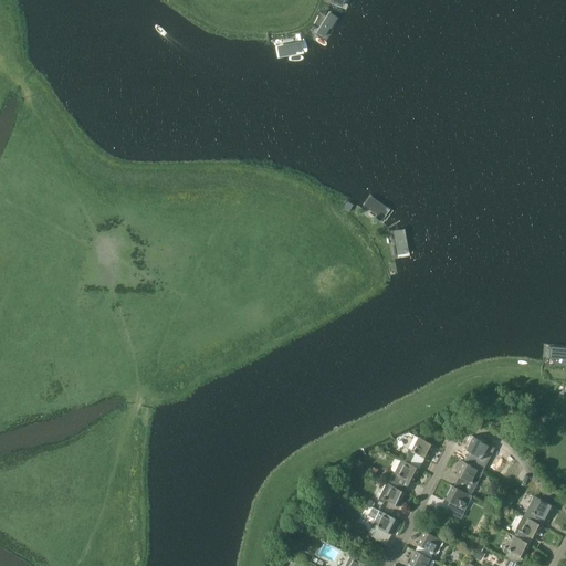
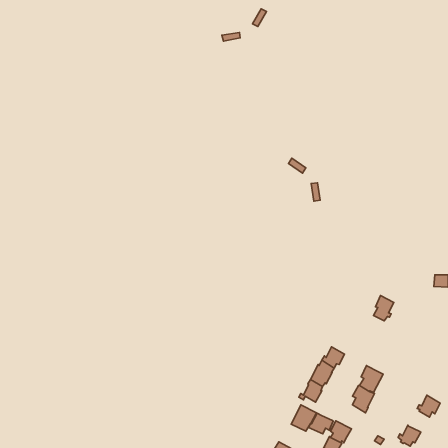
building: [463,437,489,469] -> [374,295,394,321]
building: [514,516,543,544] -> none
building: none -> [309,413,333,434]

